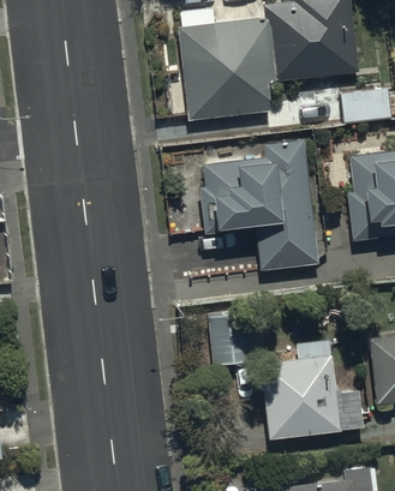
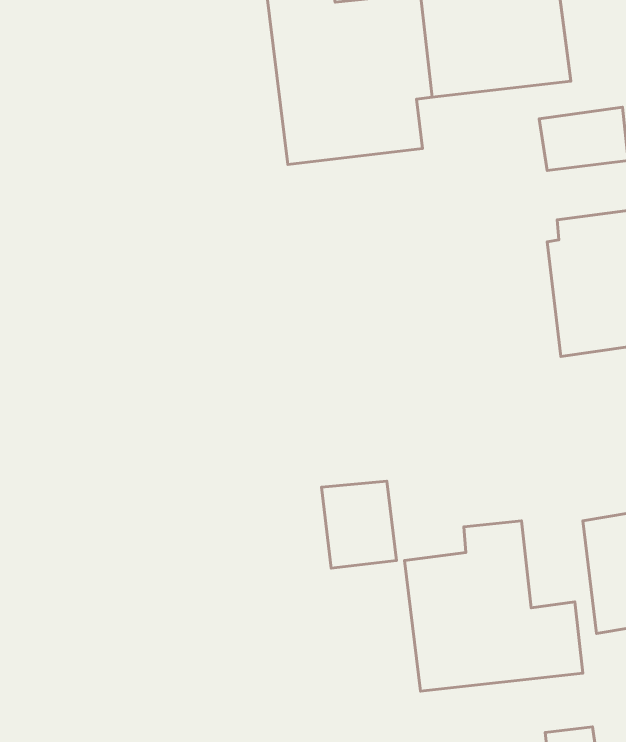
building: [197,130,318,262] -> none

